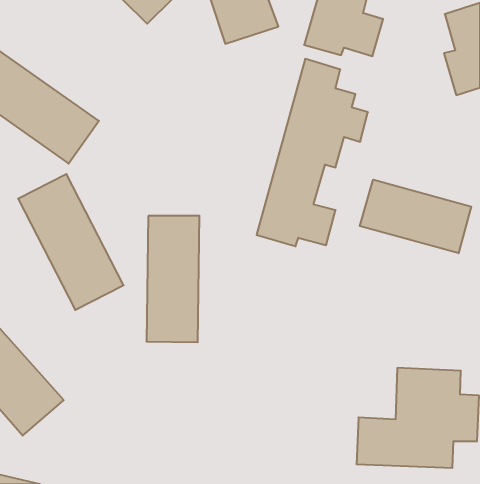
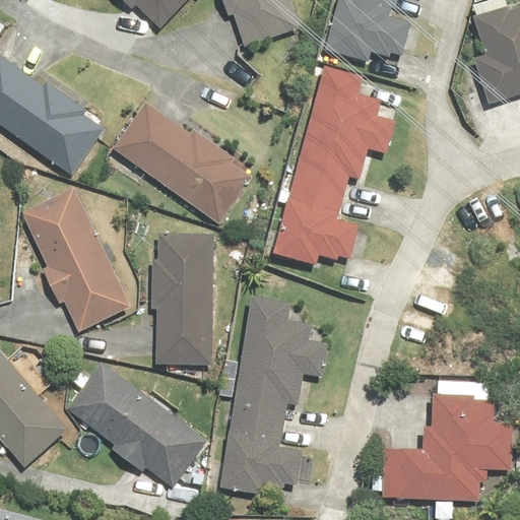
building: none -> [112,100,251,222]
building: [360,180,471,253] -> none
building: none -> [219,296,327,494]
building: none -> [63,361,206,489]

